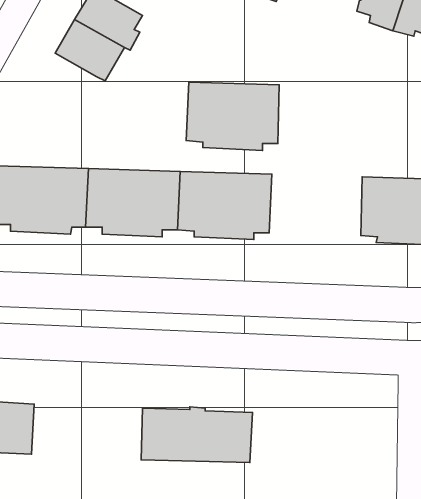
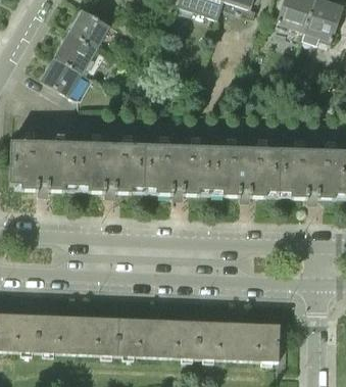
building: none -> [41,58,85,99]
building: [186,82,279,150] -> [211,147,280,197]
building: none -> [37,315,118,356]
building: none -> [197,321,287,371]

